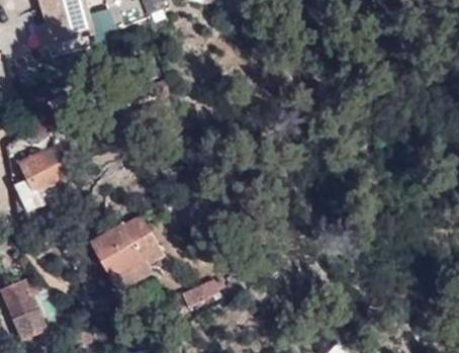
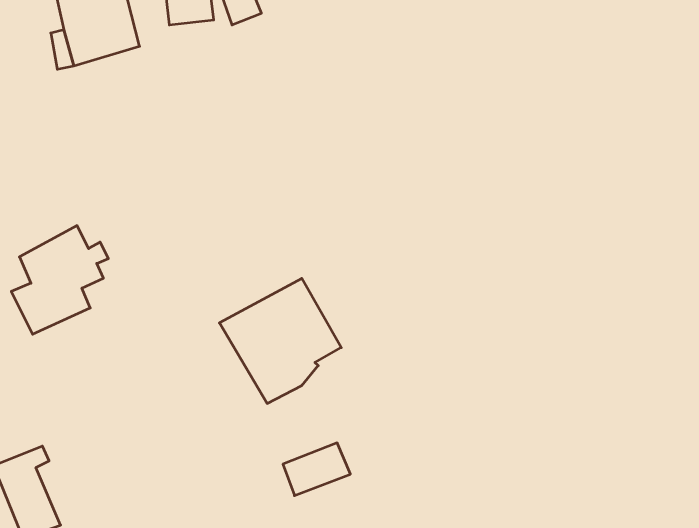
building: [90,215,165,292] -> [219,278,341,403]

